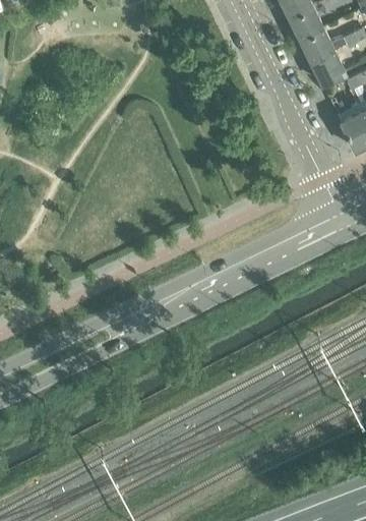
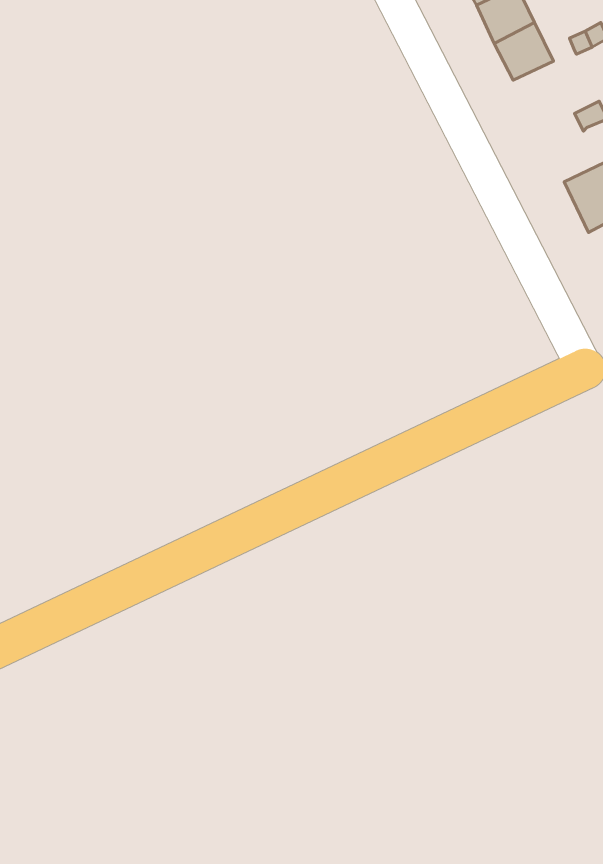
building: [310,51,345,84] -> none

